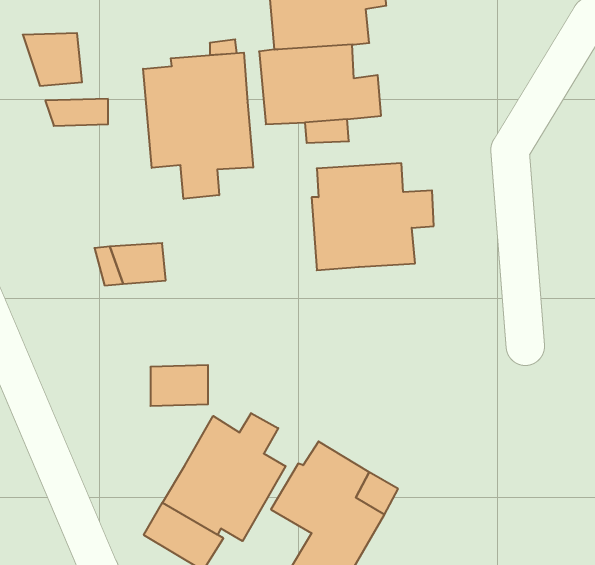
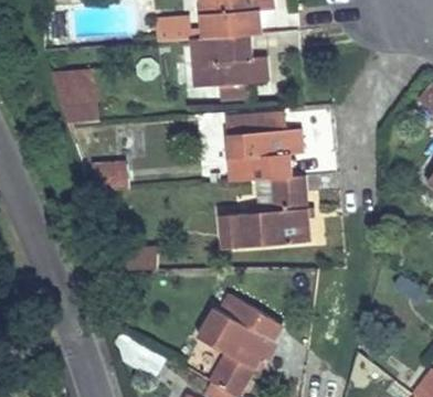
building: [23,33,82,86] -> [56,86,95,120]
building: [143,53,253,199] -> none
building: none -> [222,175,309,248]
building: [163,413,286,541] -> none

